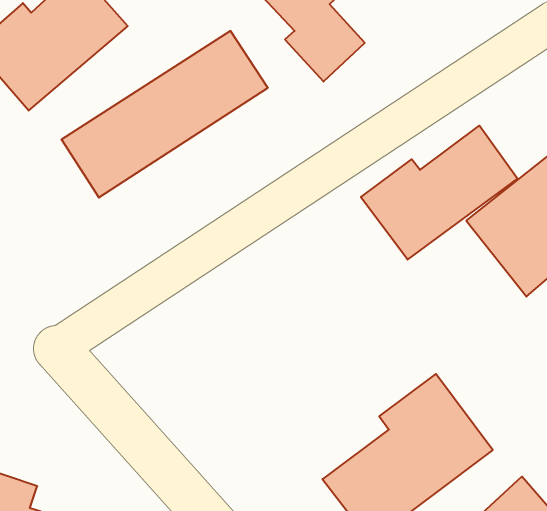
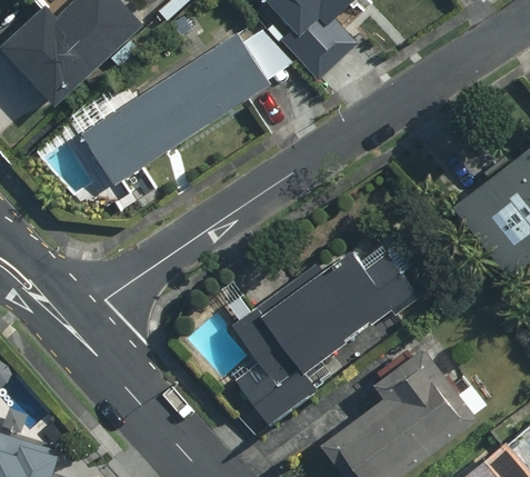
building: [361,126,518,260] -> none
building: none -> [234,245,423,425]

